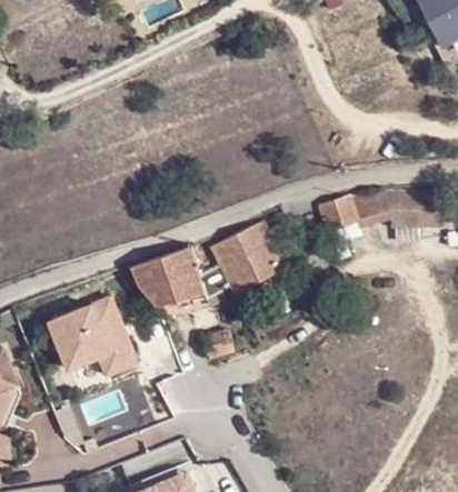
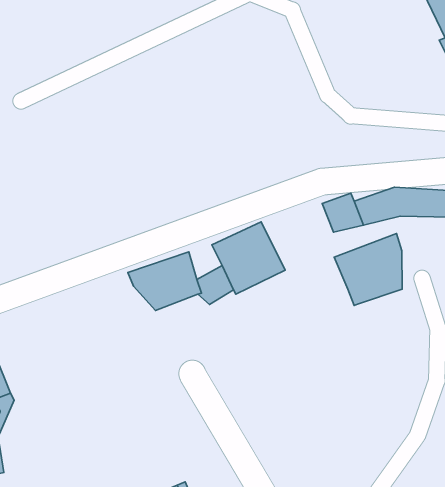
building: none -> [334,234,402,306]
building: [48,299,136,378] -> none

